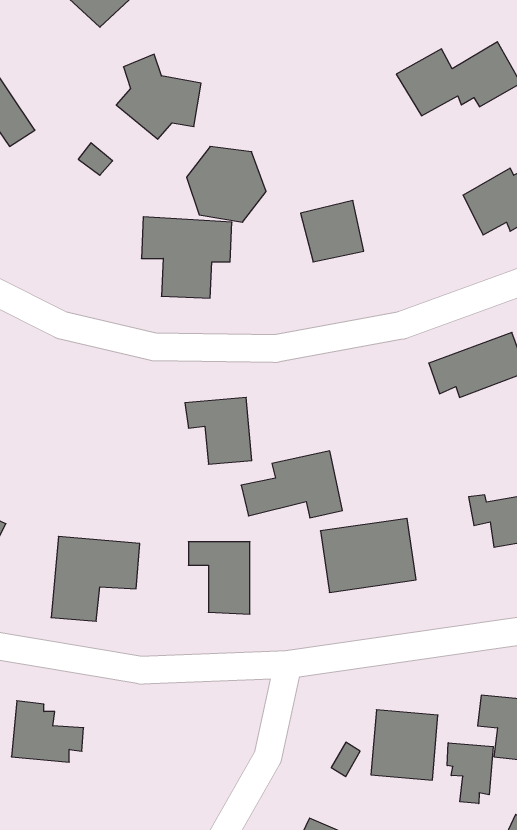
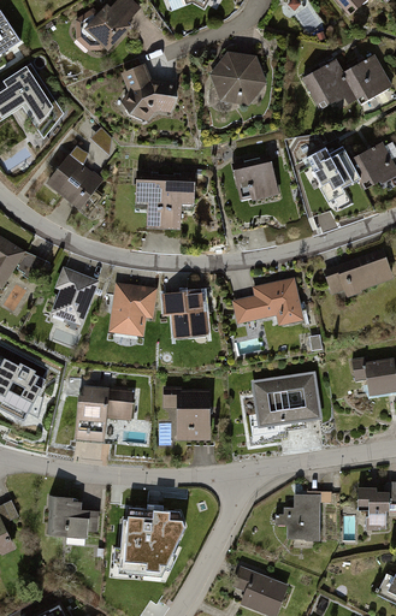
building: [187,146,266,222] -> [212,53,265,103]
building: none -> [306,147,359,197]
building: none -> [52,161,104,212]
building: none -> [51,272,97,325]
building: none -> [111,286,158,336]
building: [241,451,342,518] -> [234,278,301,322]
building: none -> [113,503,184,569]
building: [447,743,493,804] -> none

